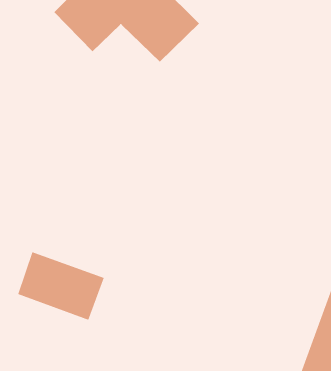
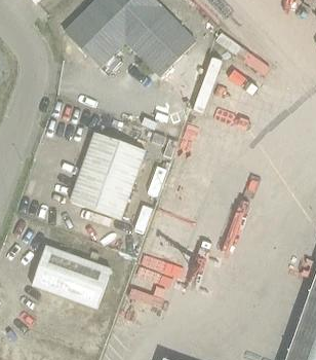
building: none -> [70,132,145,218]

